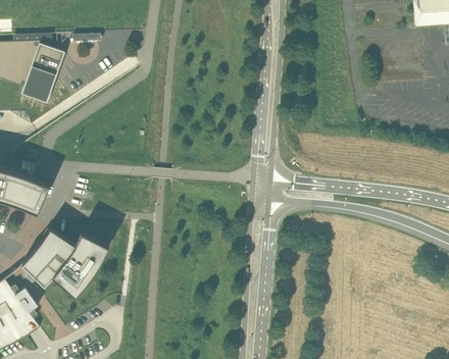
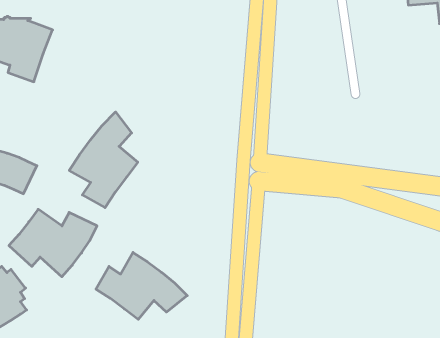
building: none -> [69,112,138,208]
building: none -> [96,252,187,319]

